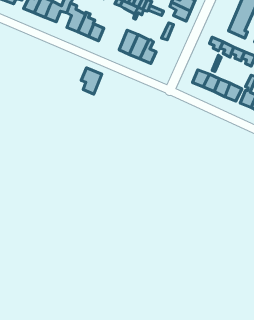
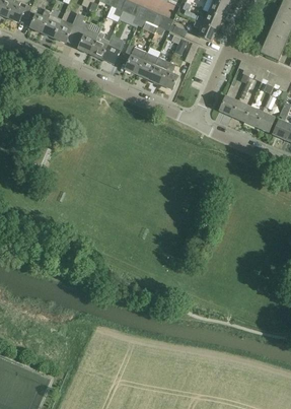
building: [81,68,102,94] -> [124,45,147,74]

